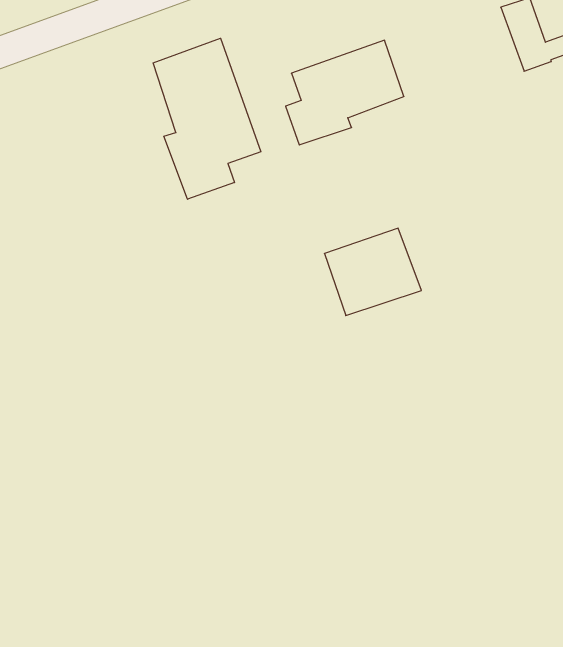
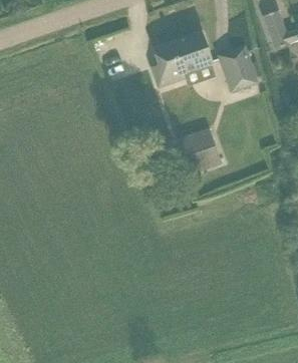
building: [153,38,261,199] -> none
building: none -> [221,46,258,90]

